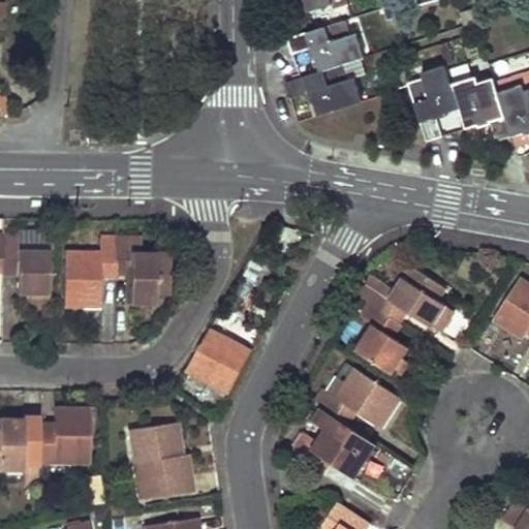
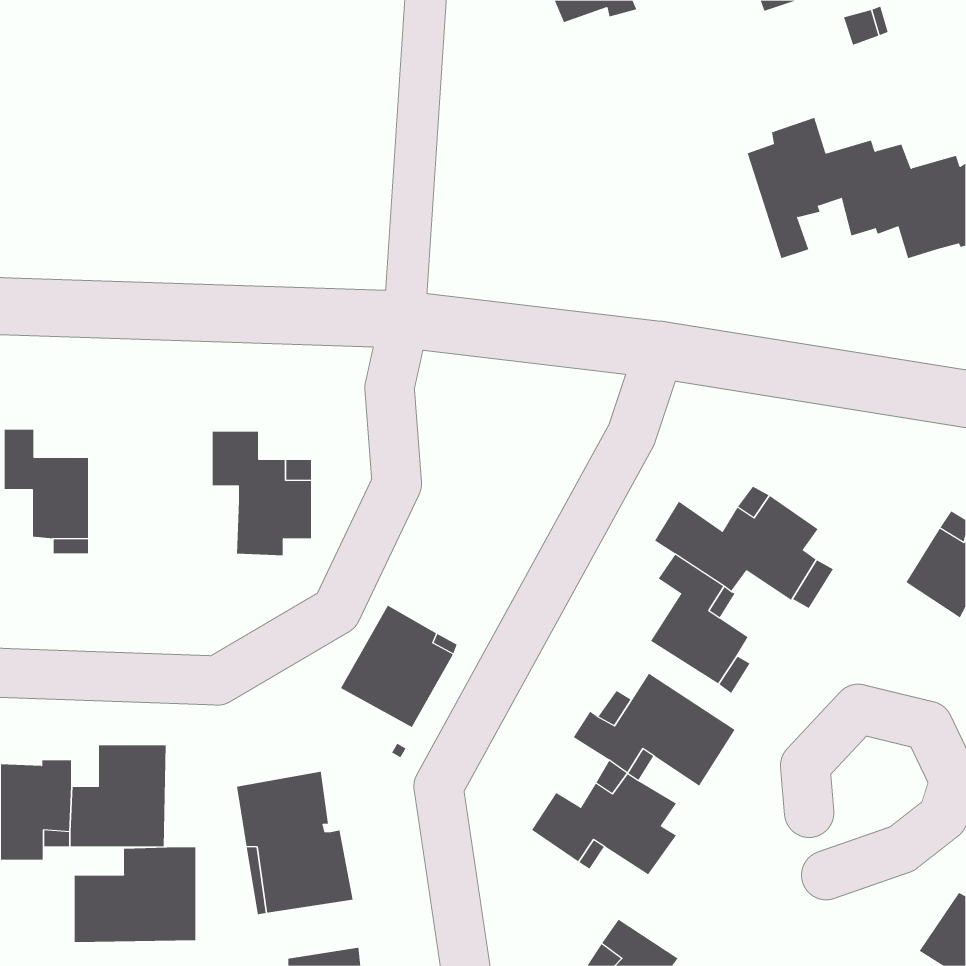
building: [284,20,366,116] -> none
building: [64,236,116,307] -> none
building: none -> [74,846,196,943]

